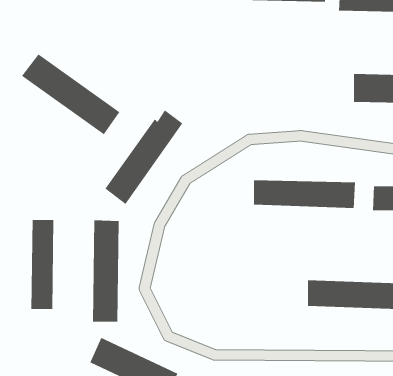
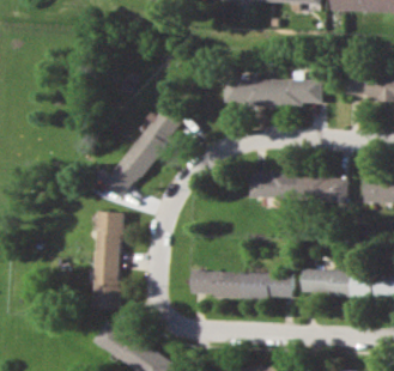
building: [21,54,120,135] -> none
building: none -> [224,79,322,105]
building: [31,219,54,310] -> none
building: none -> [189,272,292,299]

